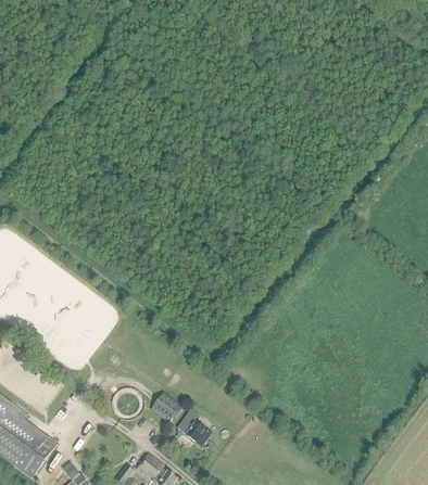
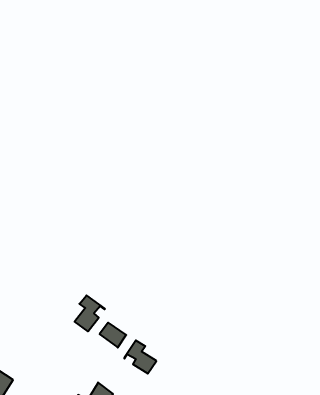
building: none -> [75,295,105,331]

